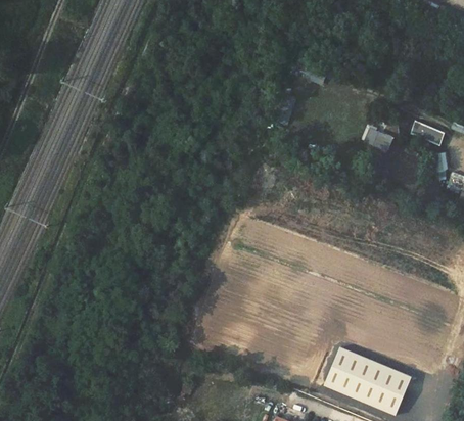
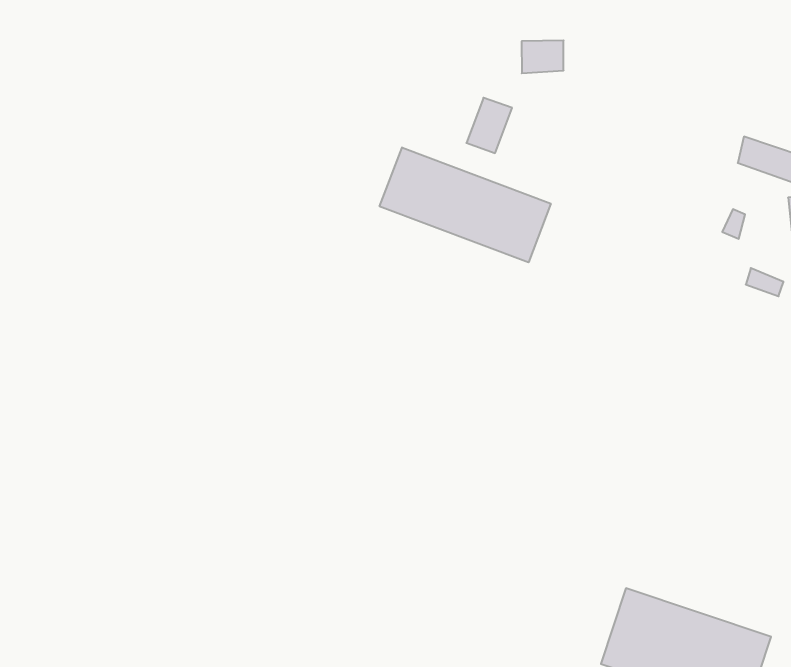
building: none -> [380,147,551,262]
building: [361,125,395,150] -> none

